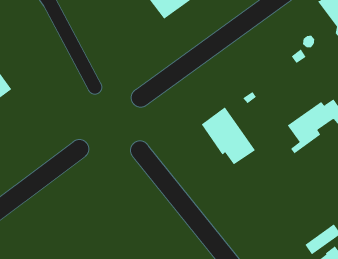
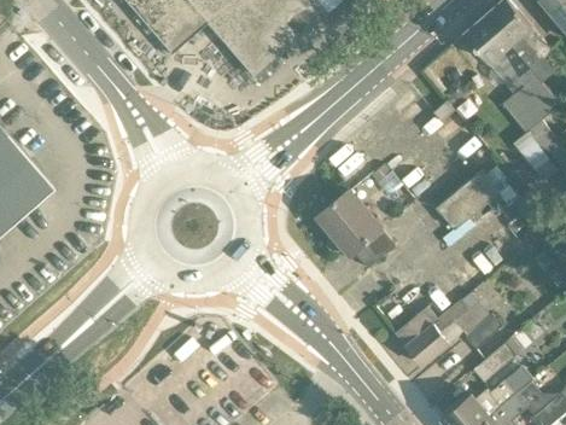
building: none -> [393,291,501,365]

